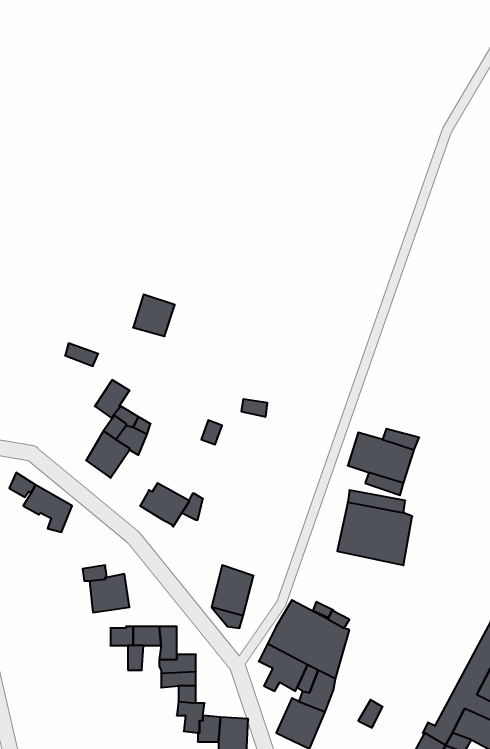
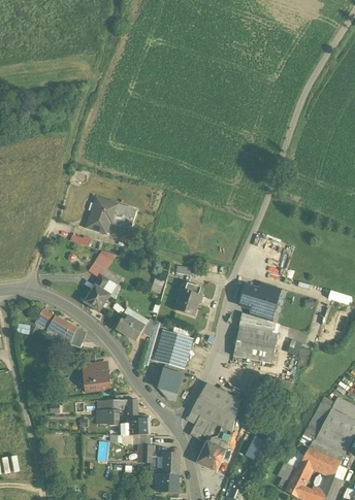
building: none -> [86,196,118,233]
building: none -> [173,282,202,316]
building: none -> [153,329,192,369]

